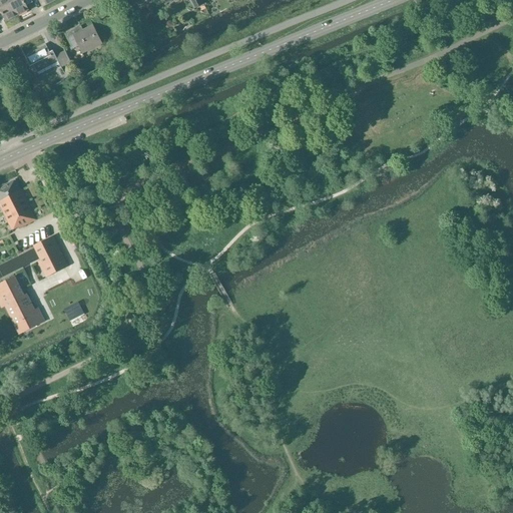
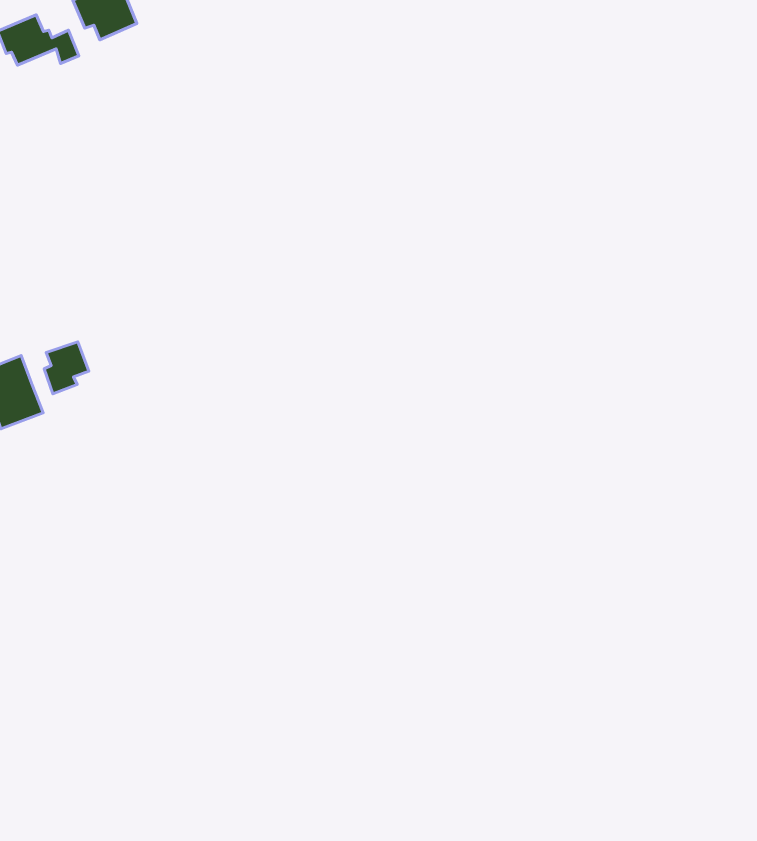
building: none -> [44,342,89,394]

